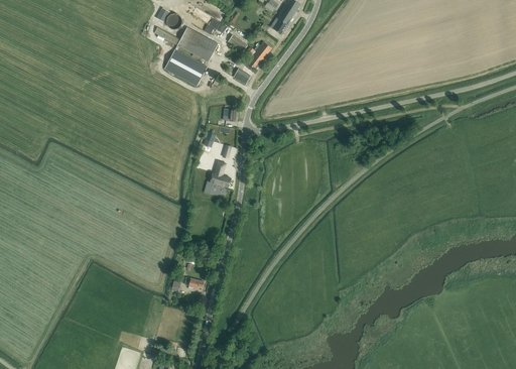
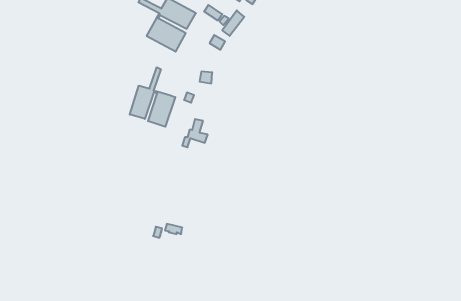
building: none -> [130,67,175,127]

